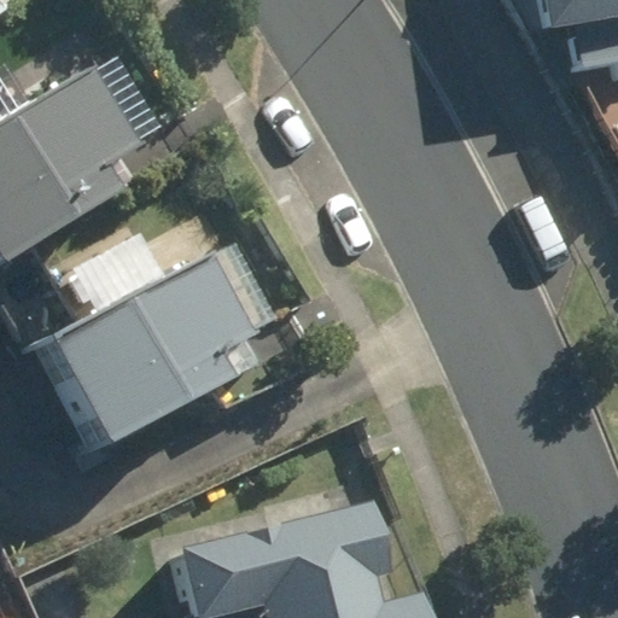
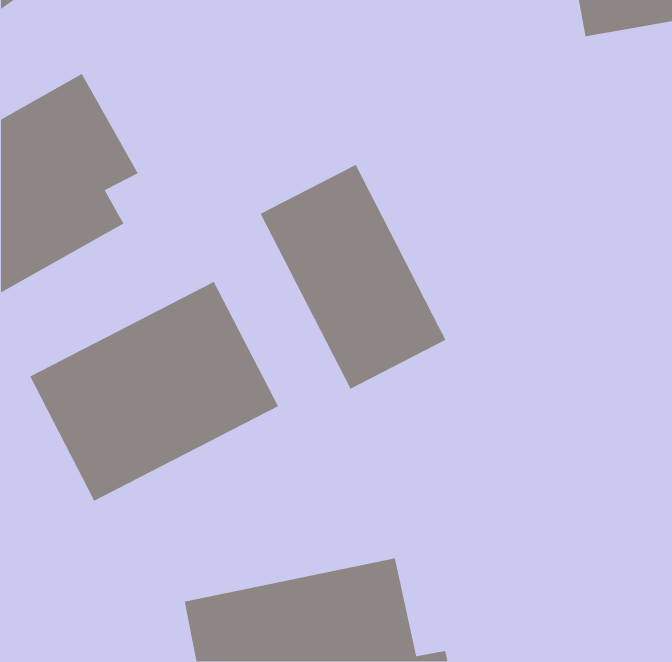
building: none -> [260,164,447,390]

